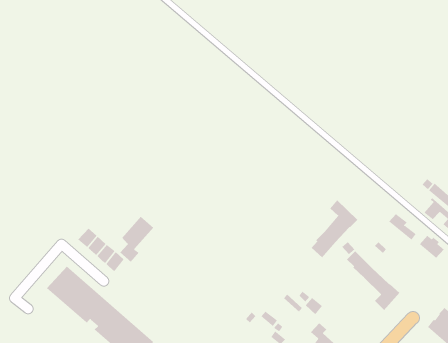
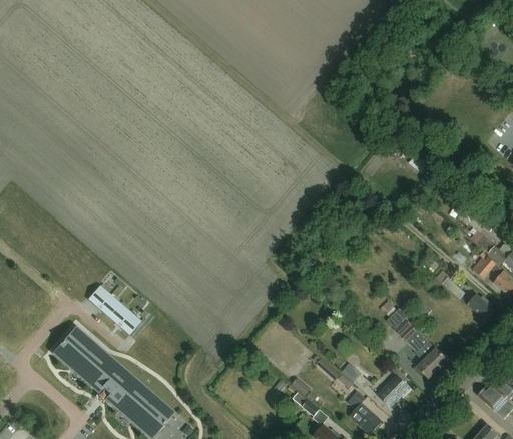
building: [311,200,358,258] -> none
building: [120,216,154,262] -> none
building: none -> [377,365,411,407]

